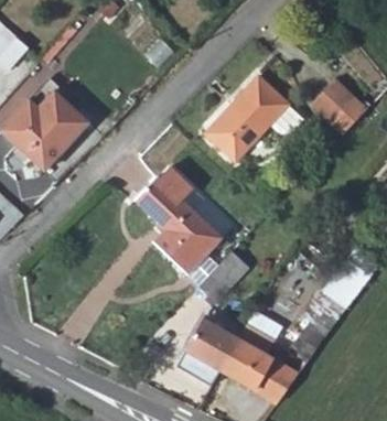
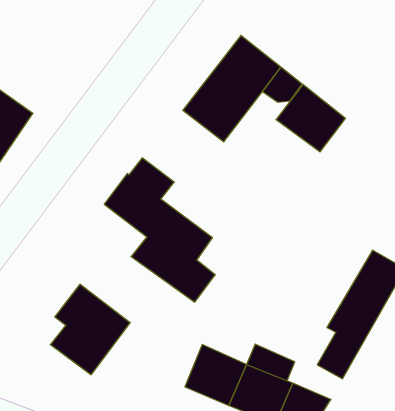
building: [310,79,365,134] -> [276,84,345,152]
building: [195,250,246,302] -> none
building: none -> [50,284,130,375]

